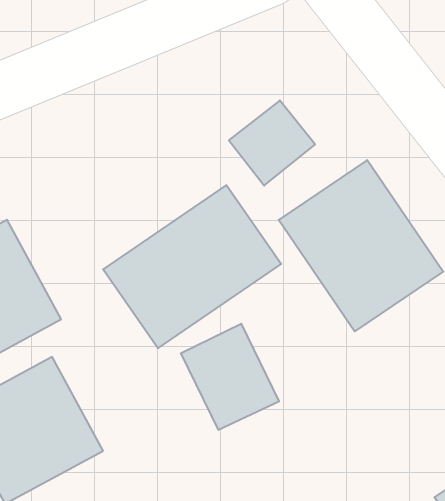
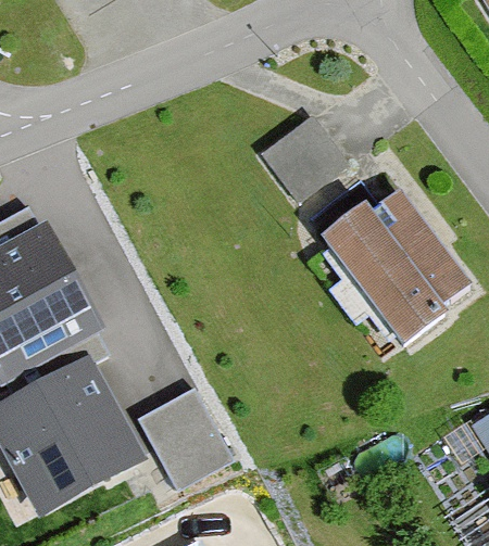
building: [103,185,281,348] -> none
building: [181,324,279,430] -> [139,380,236,484]

